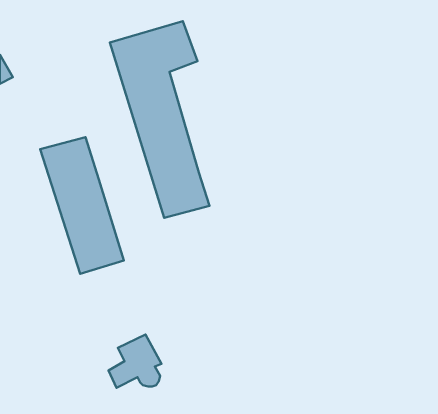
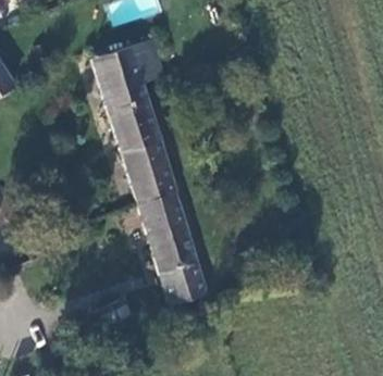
building: [40,137,124,274] -> [138,192,207,304]

